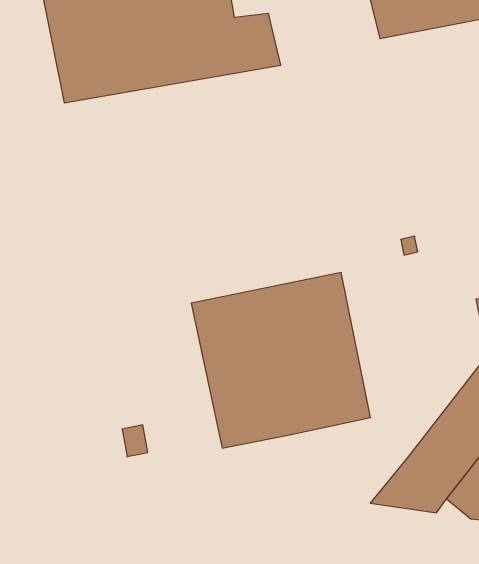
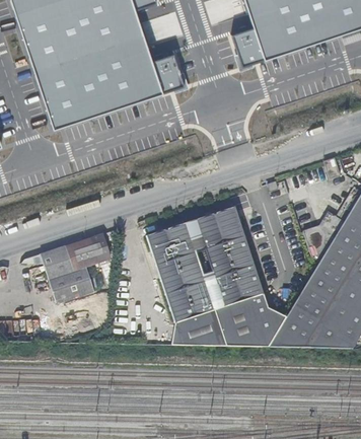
building: none -> [42,233,111,302]
building: none -> [175,293,288,346]

